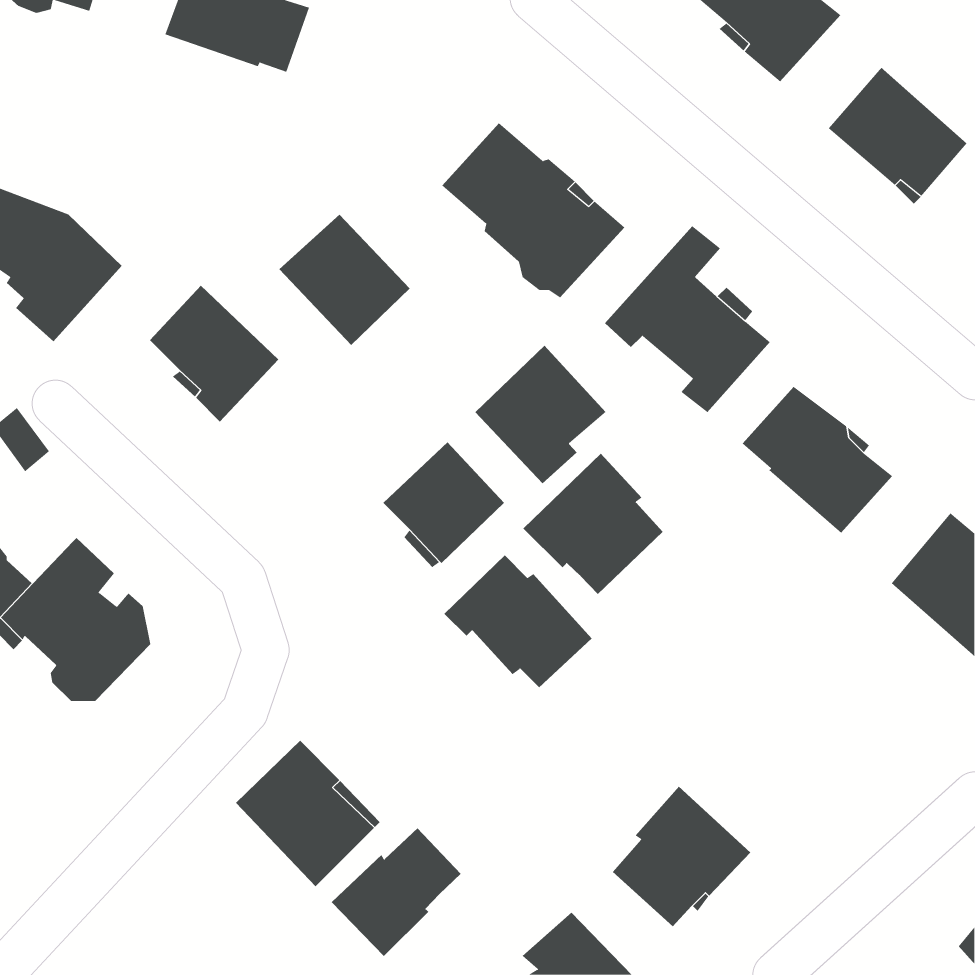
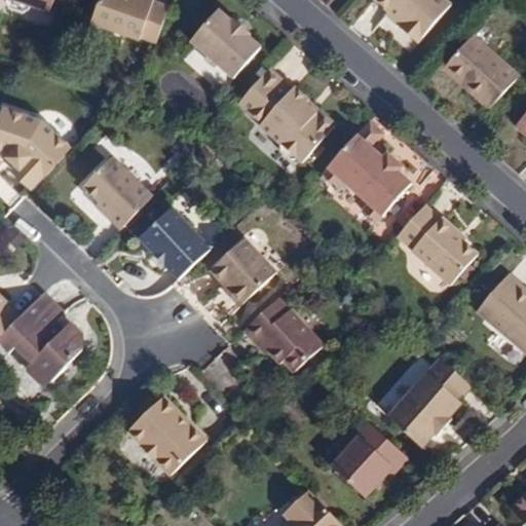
building: none -> [191,6,260,74]
building: [278,214,410,346] -> [136,206,206,277]
building: [474,345,607,484] -> none
building: [523,453,664,595] -> none
building: none -> [385,360,468,449]
building: [331,828,461,957] -> none

